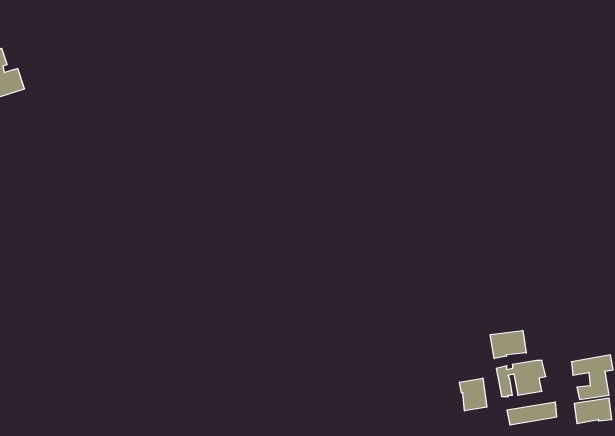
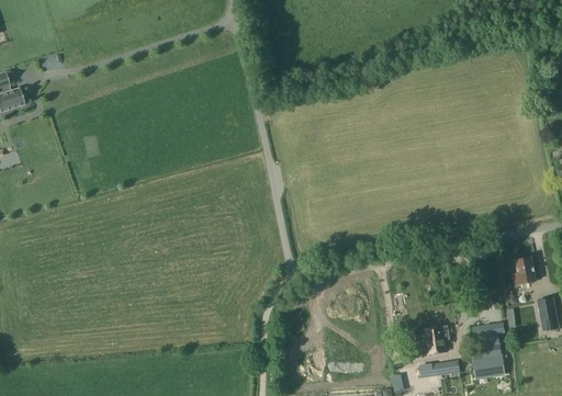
building: [490,330,526,359] -> none
building: [459,378,487,411] -> none

